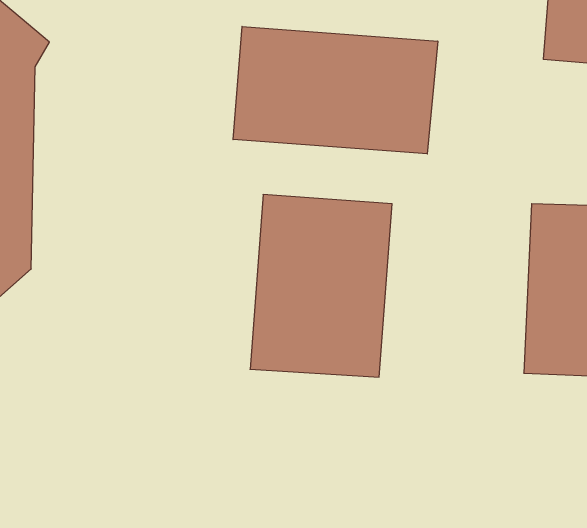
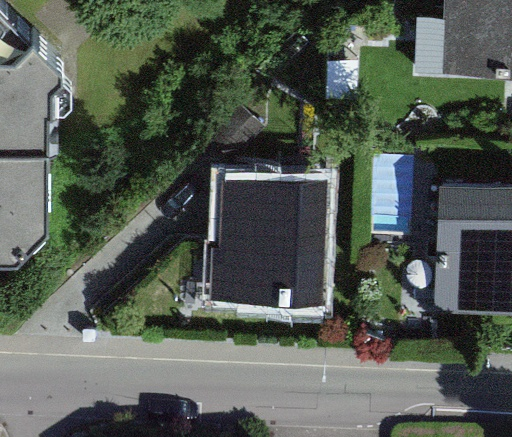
building: [233,26,438,154] -> none

